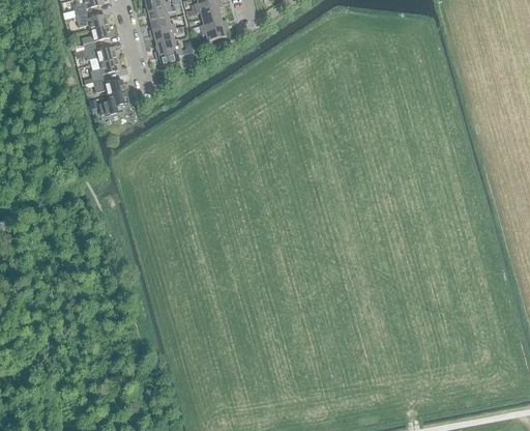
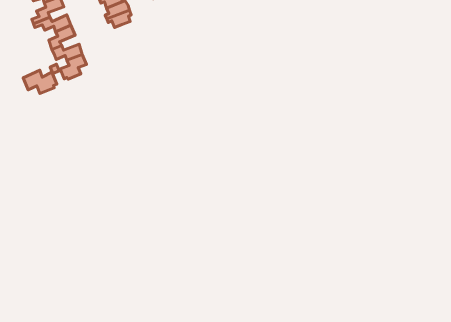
building: none -> [23,70,57,93]

